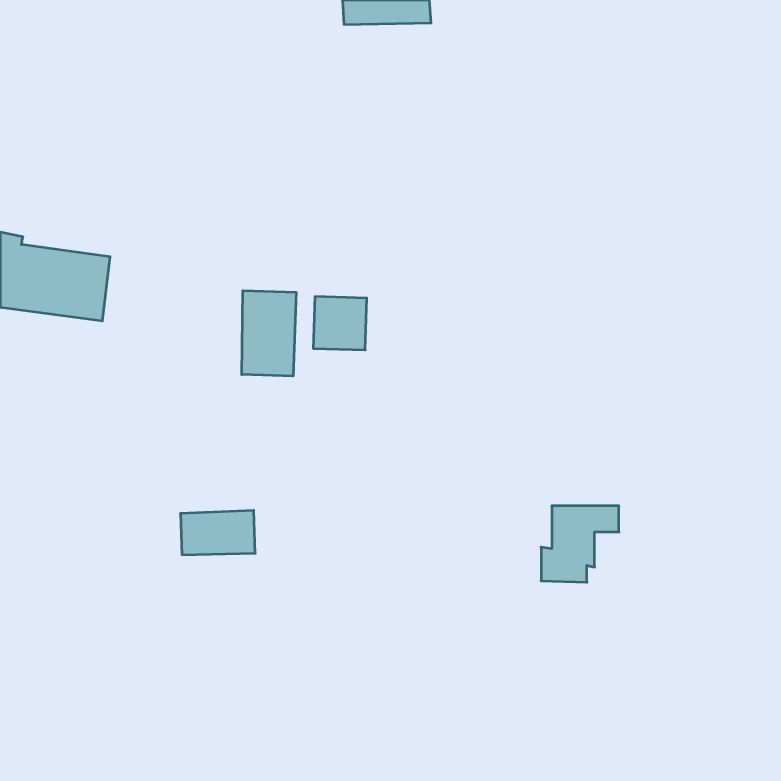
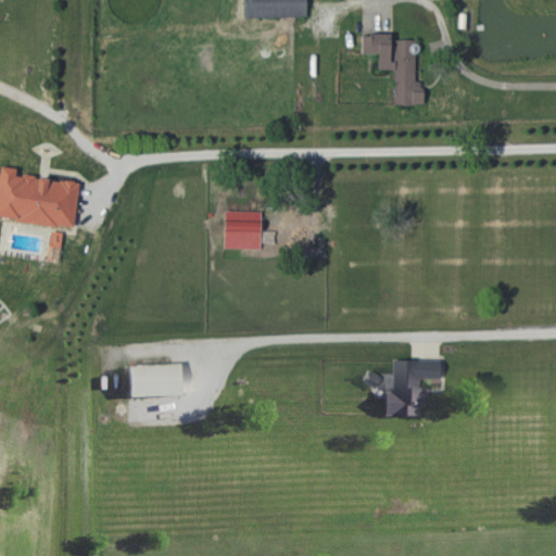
building: none -> [361,34,422,104]
building: [242,291,296,376] -> none

